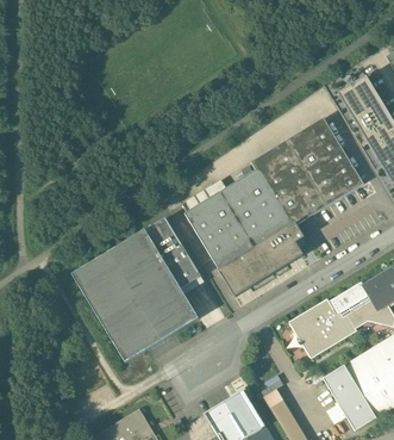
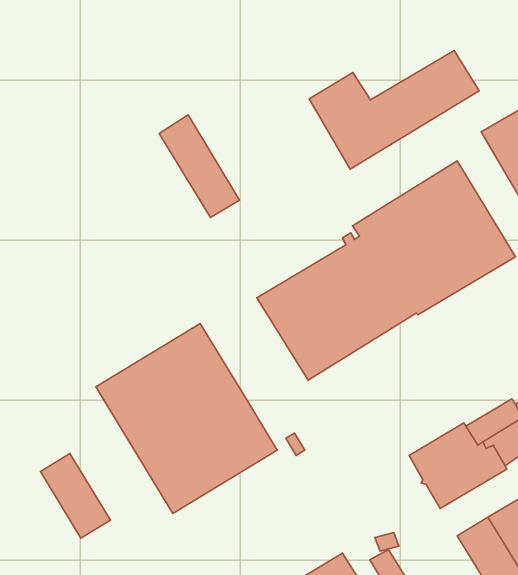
building: none -> [309,51,479,169]
building: [144,217,200,289] -> [159,115,240,217]
building: [219,223,302,296] -> none
building: none -> [40,454,111,538]

